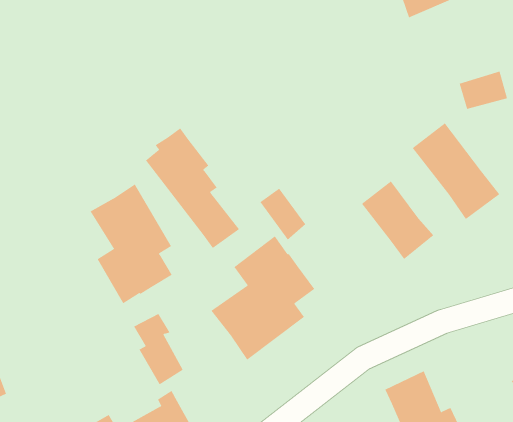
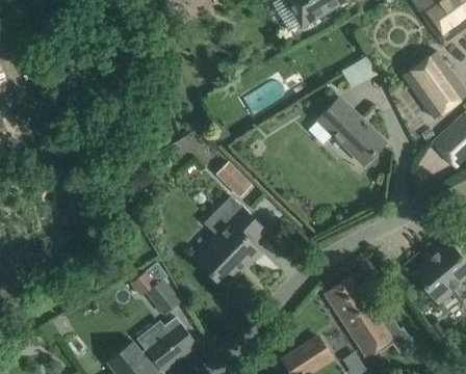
building: [145,127,240,249] -> none
building: [361,181,434,260] -> none
building: [90,184,173,304] -> none

